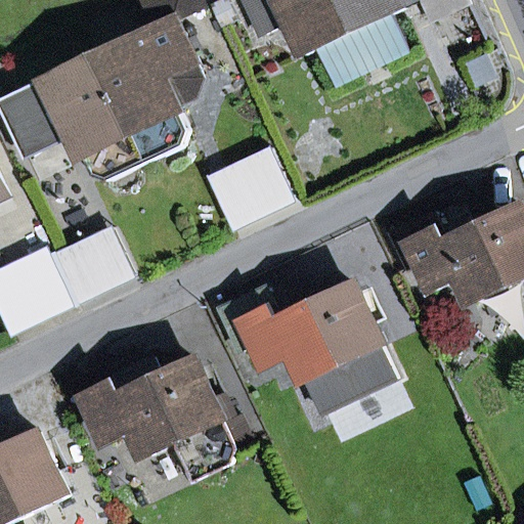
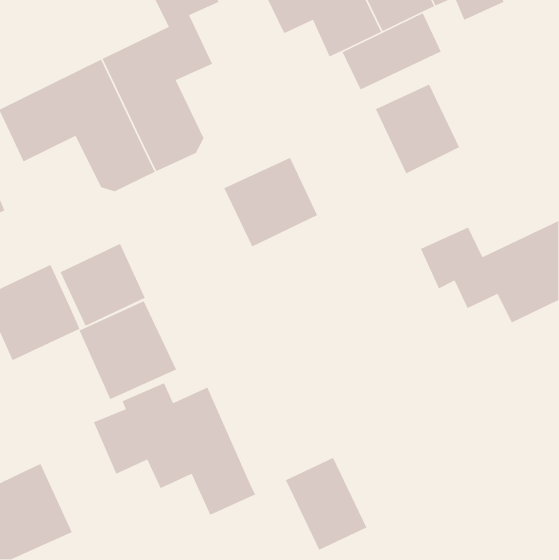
building: none -> [375,83,460,175]
building: none -> [78,300,177,400]
building: [220,282,396,411] -> none
building: none -> [285,457,368,551]

